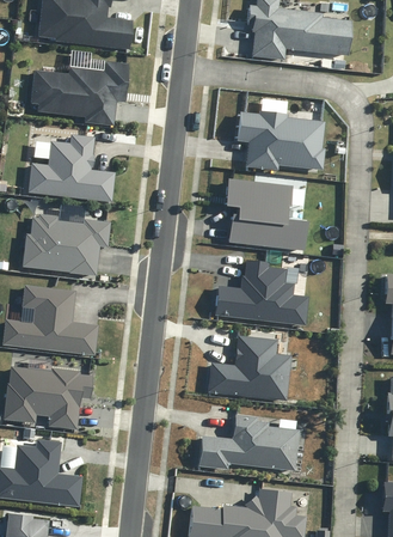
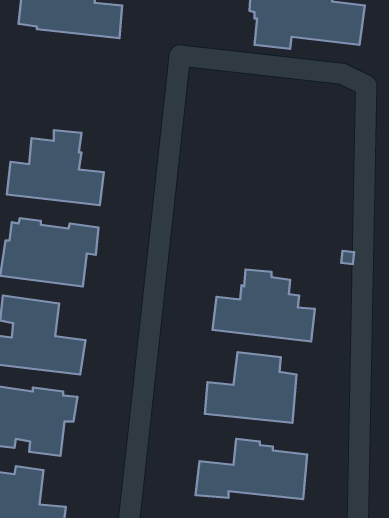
building: [30,61,128,127] -> none
building: [237,111,325,170] -> none
building: [223,178,305,250] -> none

